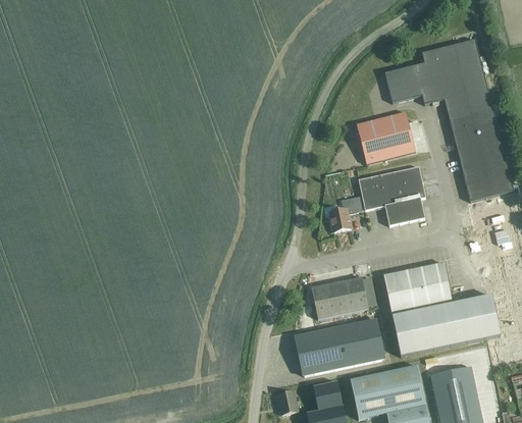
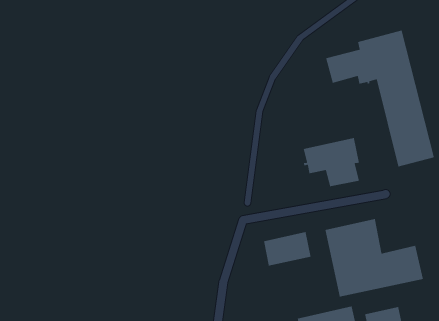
building: [356,110,415,163] -> none
building: [329,195,359,230] -> none
building: [296,318,383,375] -> none

